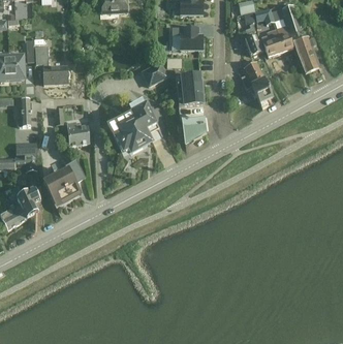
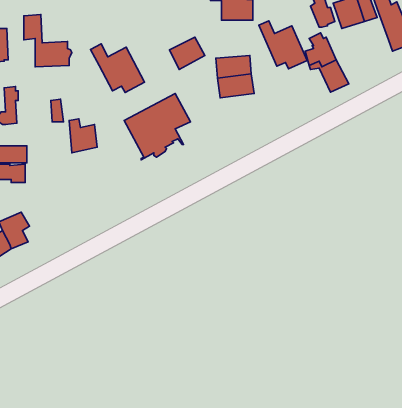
building: none -> [259,21,307,69]
building: none -> [91,44,145,92]
building: [183,118,207,144] -> none
building: [43,159,86,206] -> none

